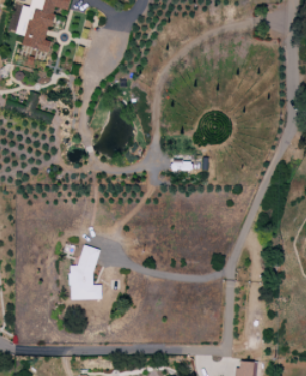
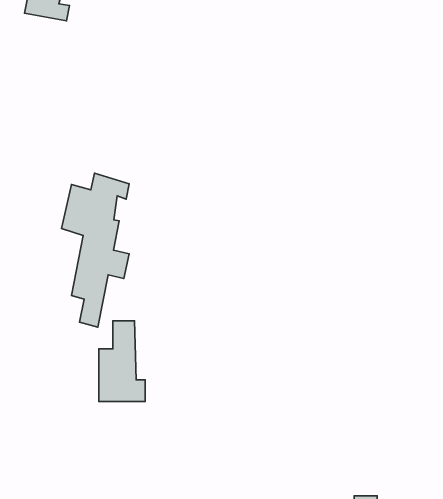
building: none -> [62,173,129,327]

